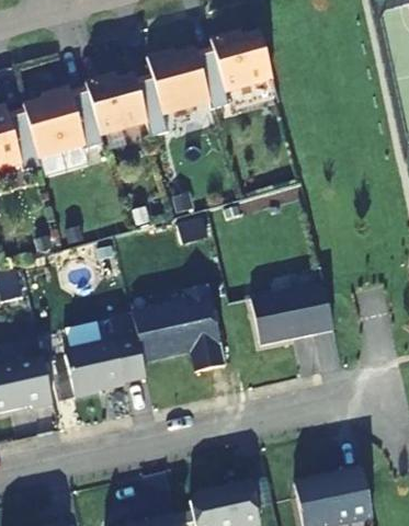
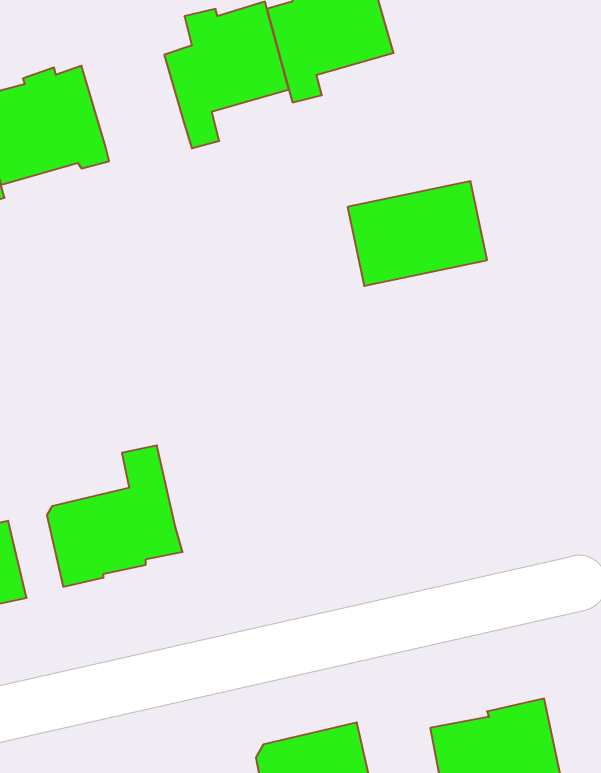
building: [86,76,148,135] -> none
building: [251,283,334,345] -> [348,181,487,286]
building: [132,285,226,371] -> none

